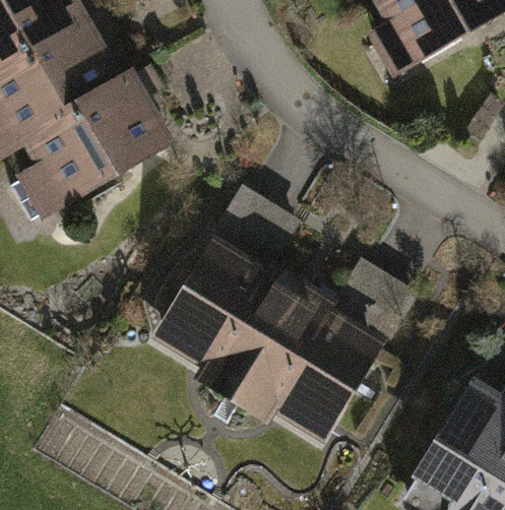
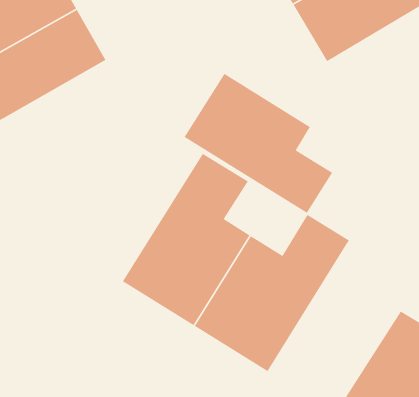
building: [8,73,177,214] -> none
building: none -> [184,73,333,214]

